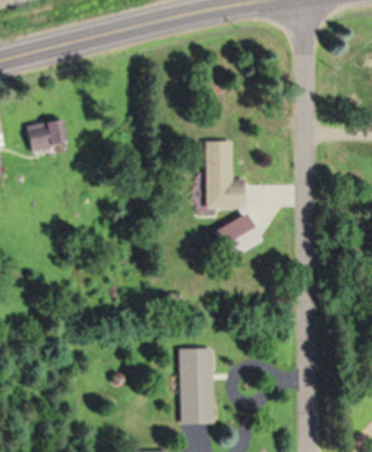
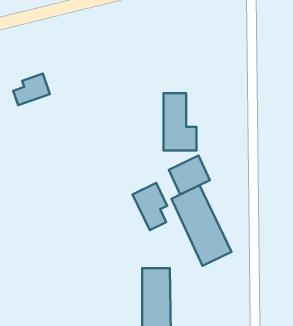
building: none -> [133,183,167,230]
building: none -> [171,185,232,266]

